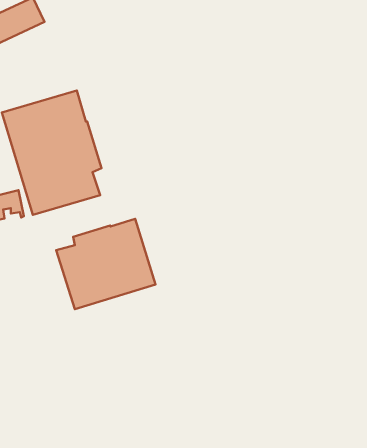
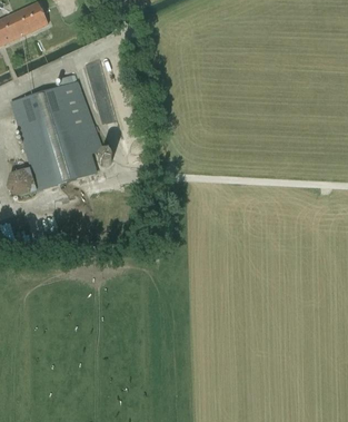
building: [56,219,156,309] -> none

